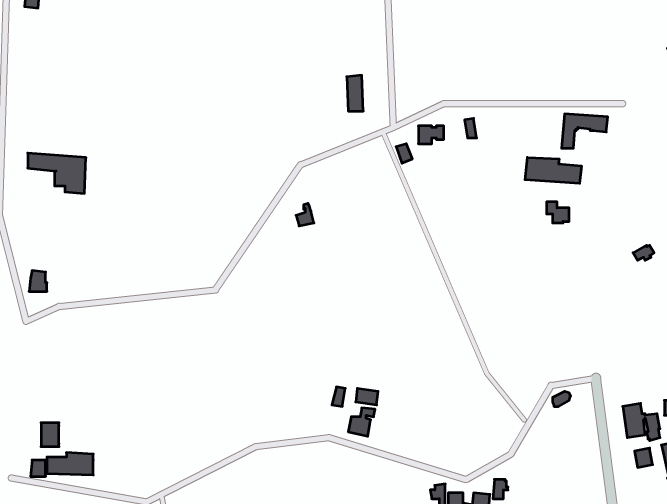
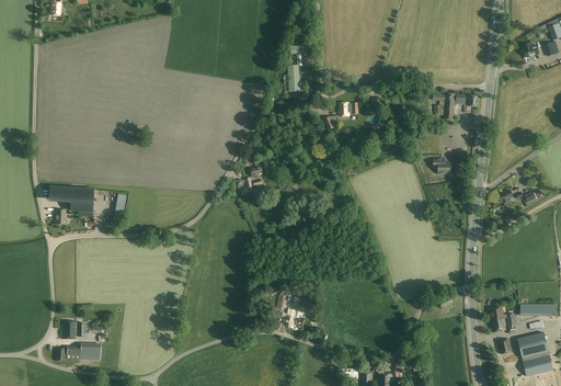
building: [28,153,86,193] -> [50,186,93,216]
building: [525,157,581,183] -> none

